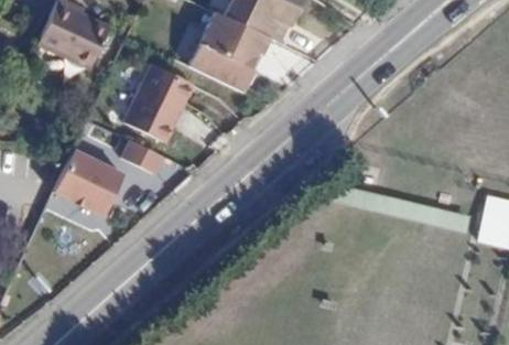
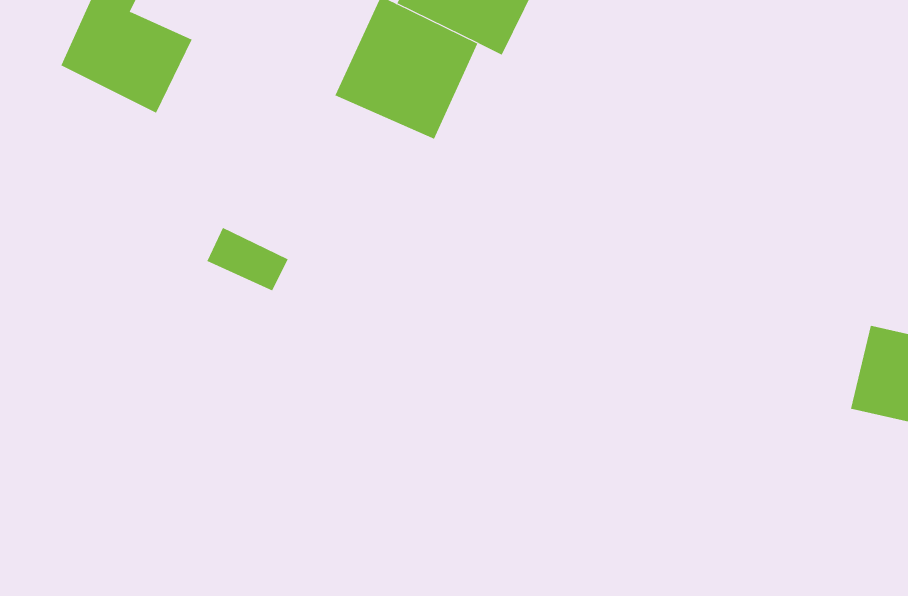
building: [126,64,192,141] -> none
building: [57,150,126,215] -> none

